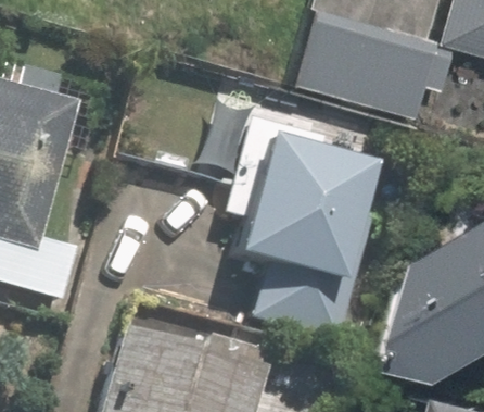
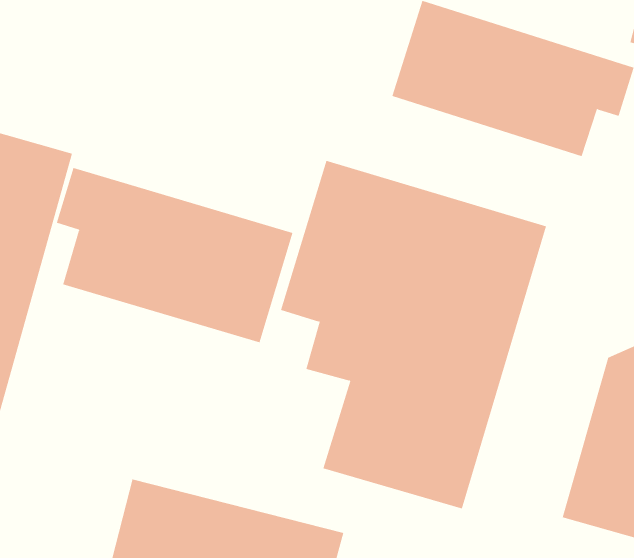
building: none -> [56,167,293,343]

